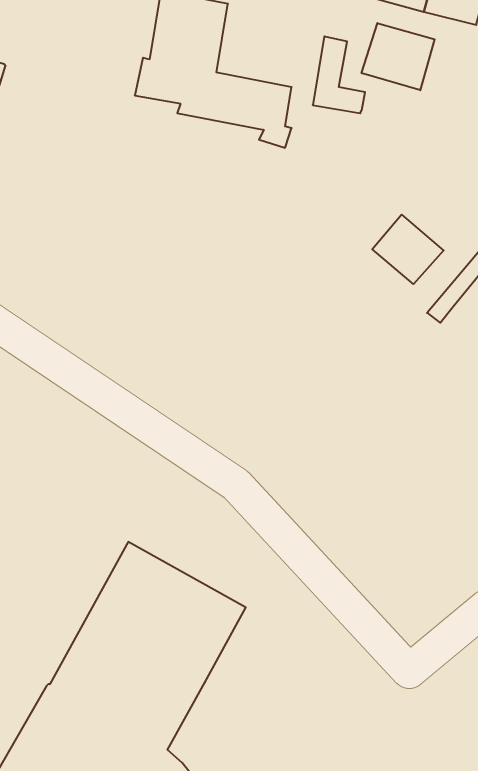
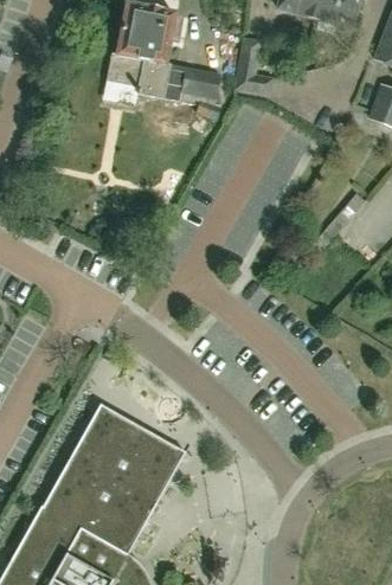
building: [362,23,435,90] -> none
building: [372,215,444,284] -> none

